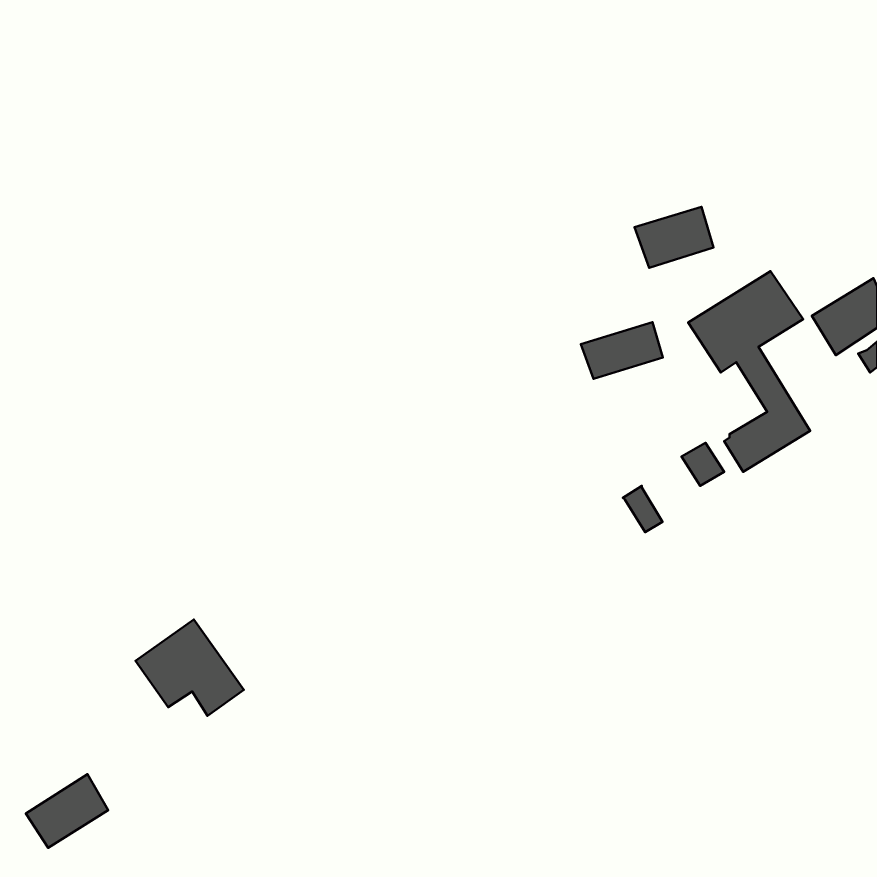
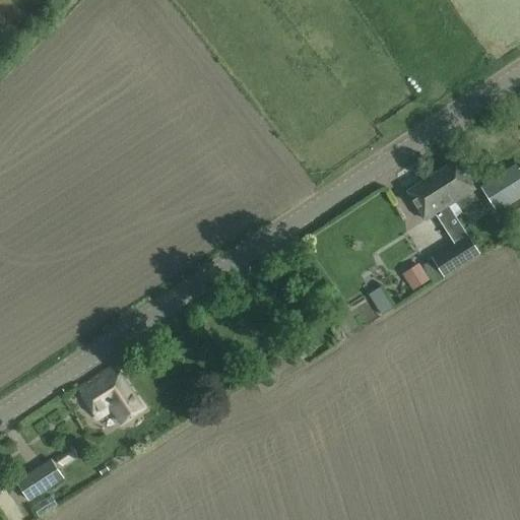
building: [635,207,713,268] -> none
building: [581,322,663,379] -> none

